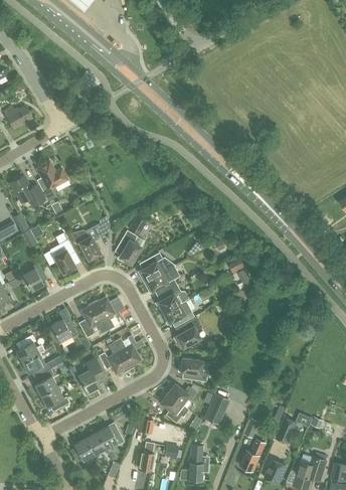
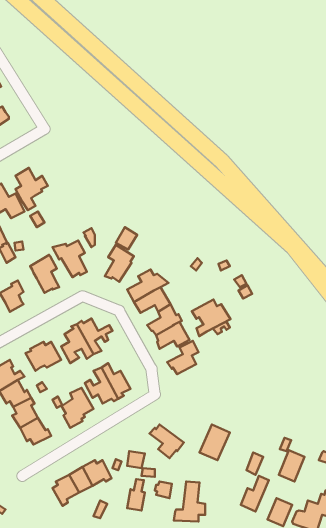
building: none -> [192,299,230,336]
building: [178,357,207,381] -> none
building: [166,381,195,409] -> none

